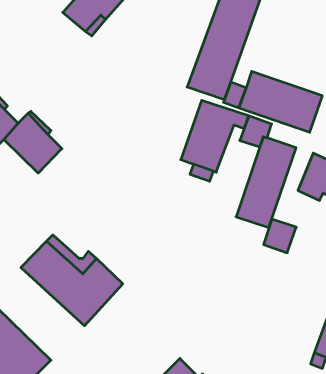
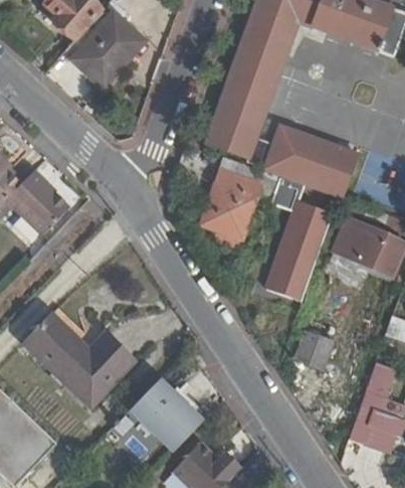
building: [264,219,296,253] -> [294,333,331,370]
building: none -> [129,381,193,444]

